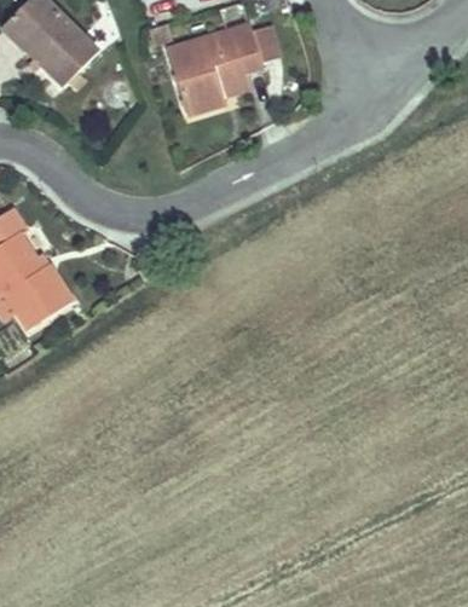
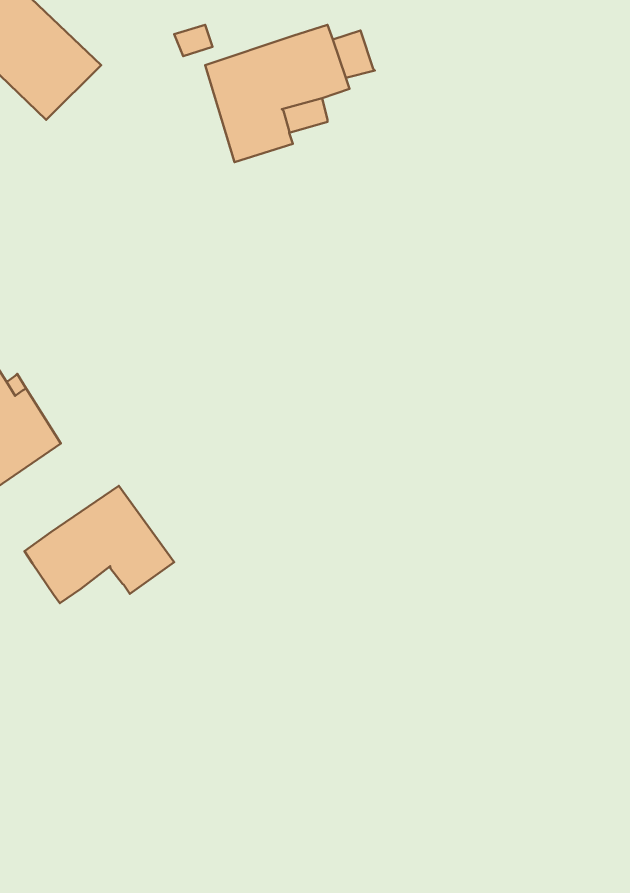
building: none -> [25,486,174,603]

